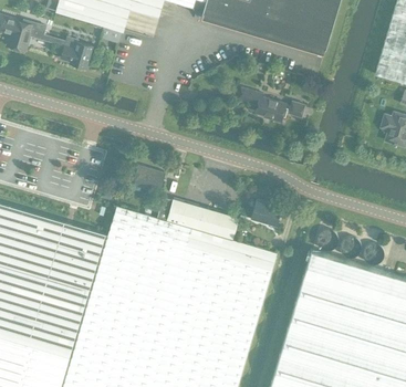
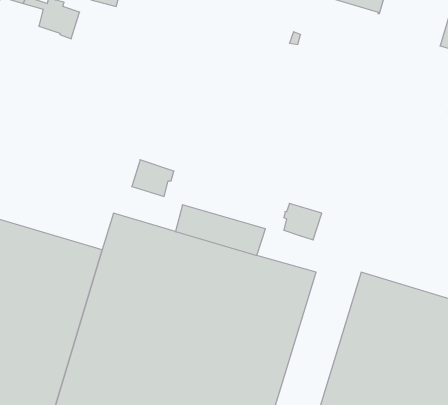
building: [238,87,305,122] -> none

